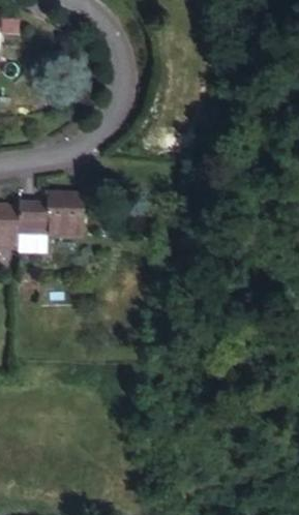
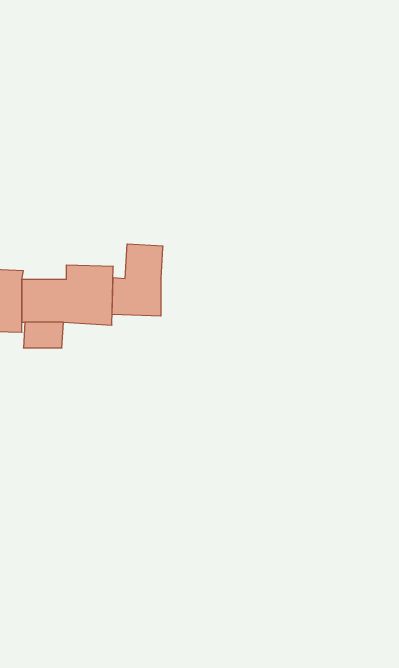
building: none -> [112,244,163,316]

